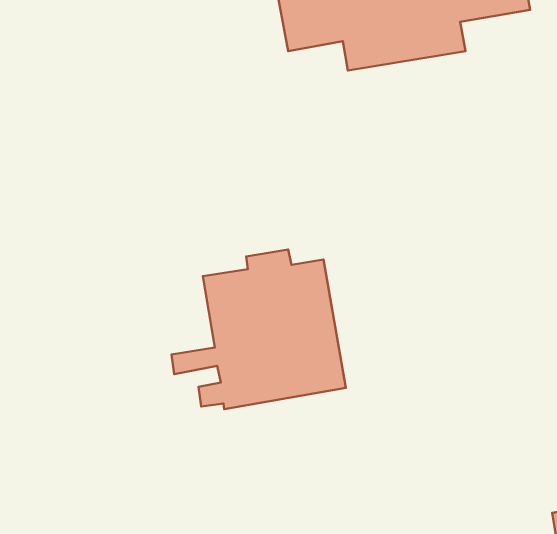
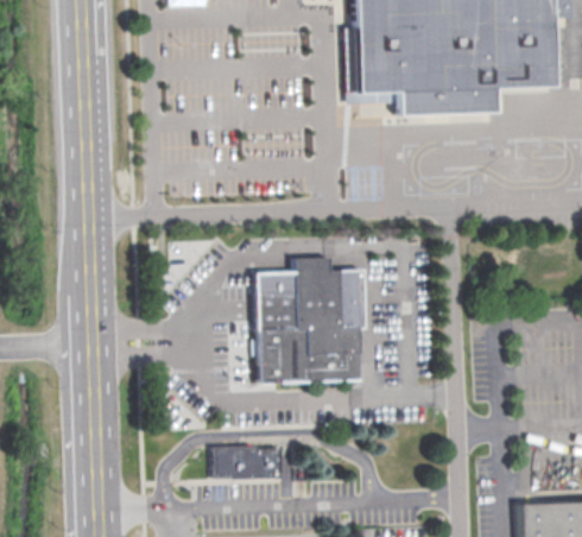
building: none -> [213,448,284,478]

